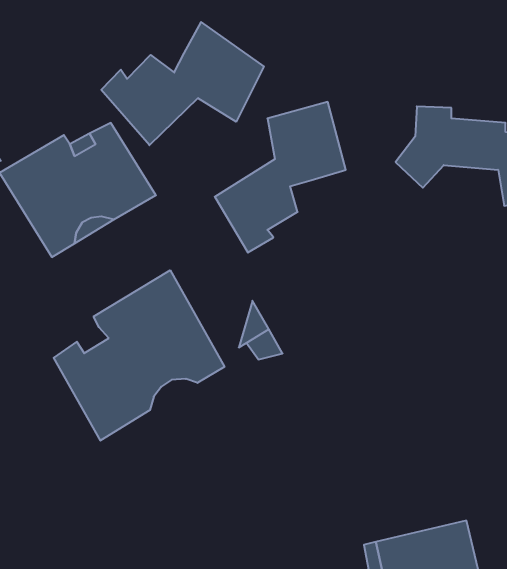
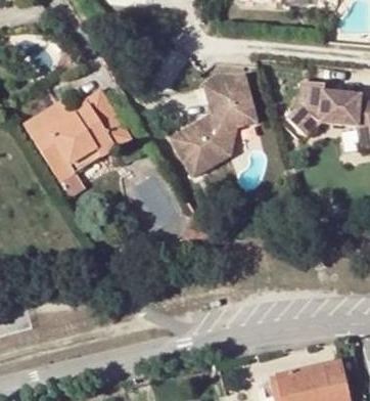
building: [101,22,264,145] -> none
building: [54,270,224,441] -> none

